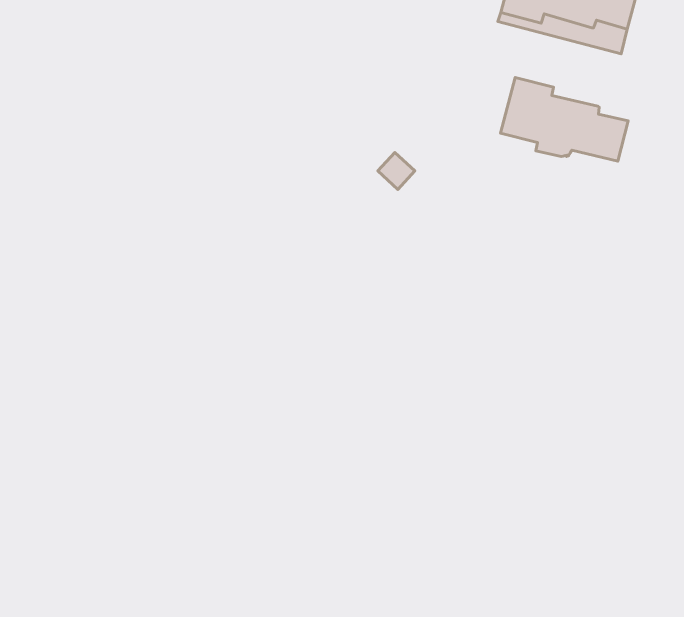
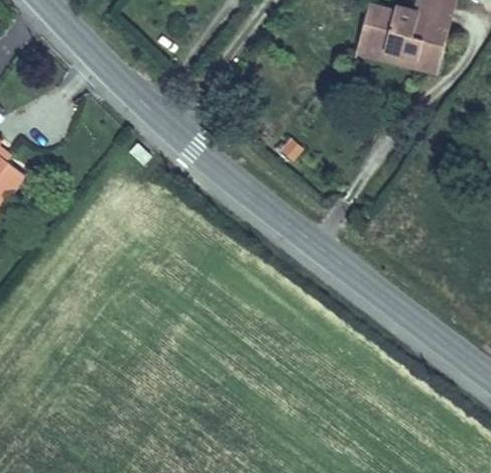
building: [501,77,628,161] -> none

